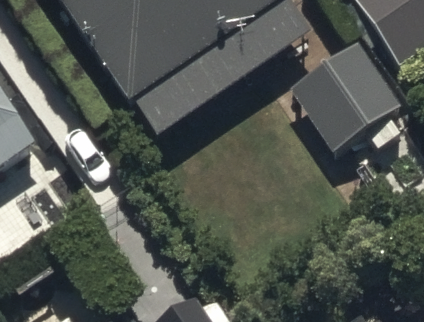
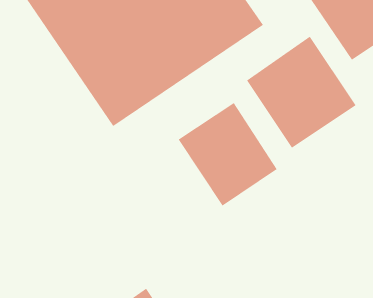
building: none -> [178,102,278,206]

